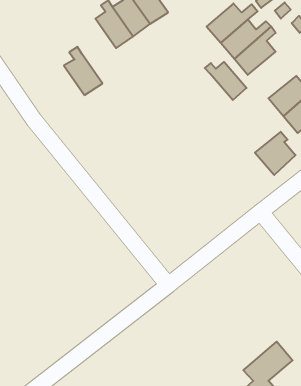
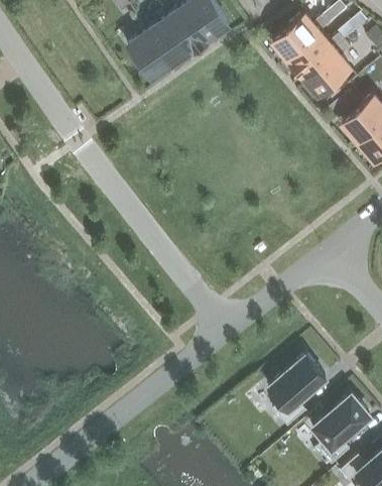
building: [64,47,102,95] -> [127,23,170,78]
building: [205,62,247,100] -> none
building: [255,132,296,175] -> none
building: none -> [268,355,326,427]

